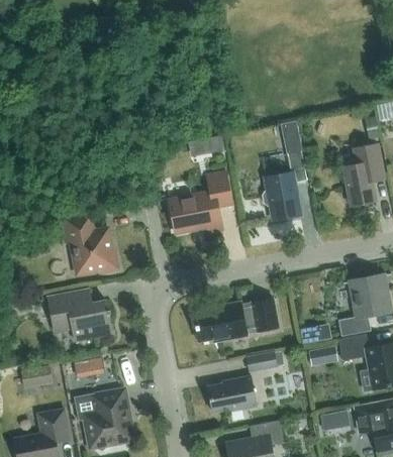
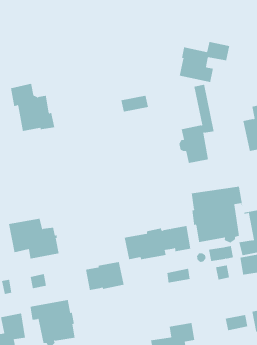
building: none -> [179,41,230,83]
building: [167,172,232,234] -> none
building: [62,214,118,274] -> [10,83,55,131]
building: none -> [191,181,243,244]
building: [207,376,257,413] -> [85,262,124,290]

